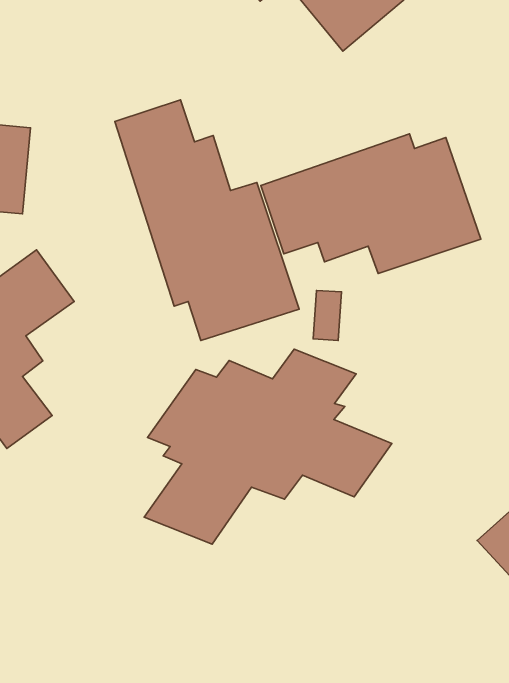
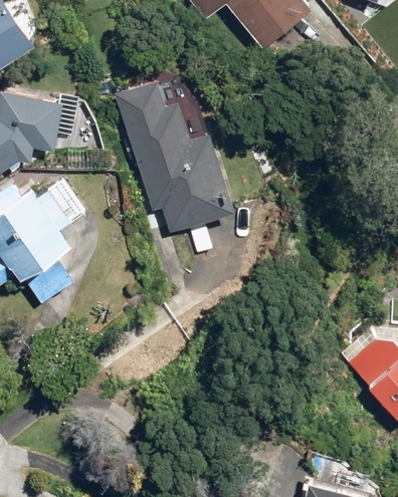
building: [261,134,481,273] -> none
building: [144,349,392,544] -> none

